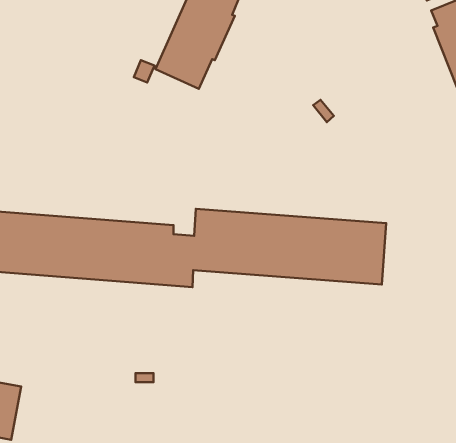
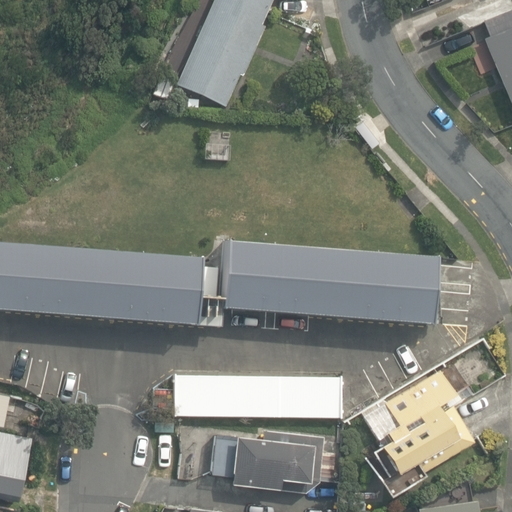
building: none -> [379,369,472,473]
building: none -> [173,374,339,417]
building: none -> [210,430,333,491]

